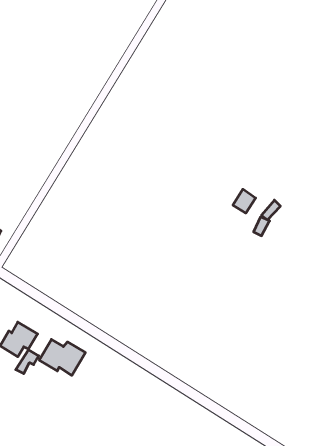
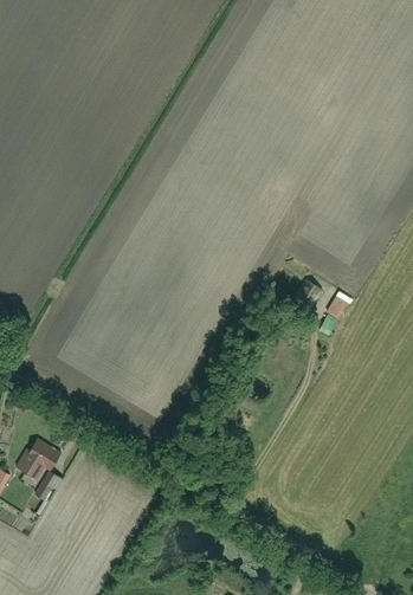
building: [39,339,85,375] -> none

